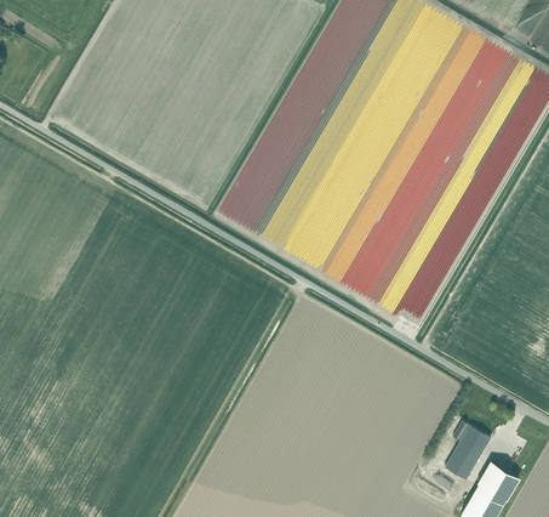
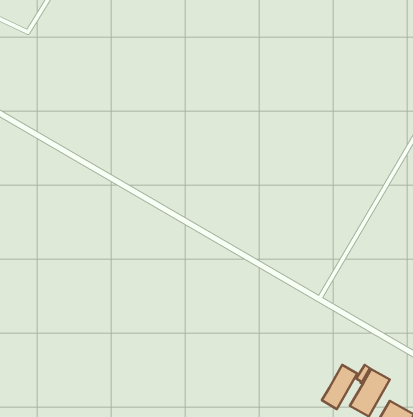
building: none -> [322,365,357,409]

